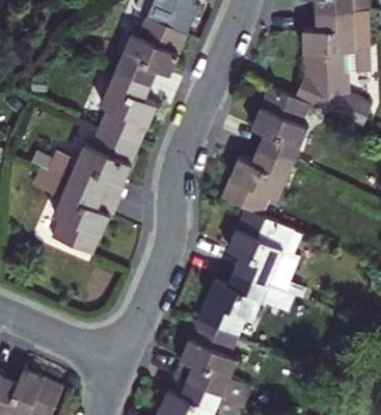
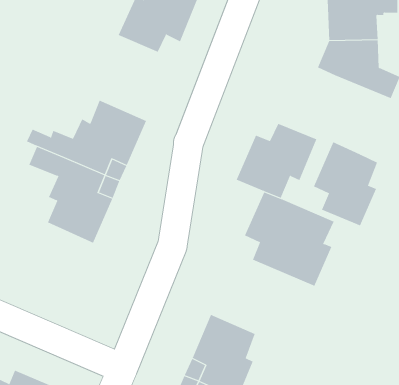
building: [98,68,157,145] -> none
building: [250,86,308,162] -> [313,141,378,226]
building: [197,270,297,344] -> none

